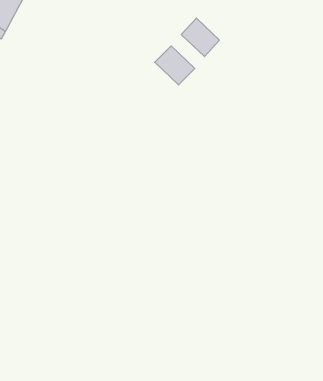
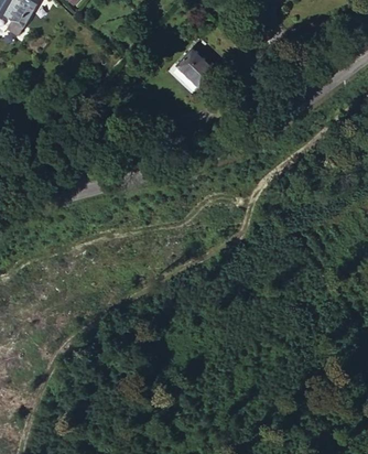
building: [181,18,219,57] -> none

